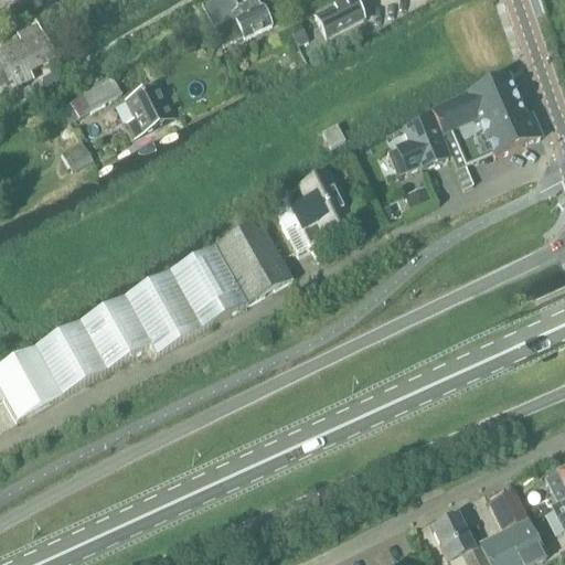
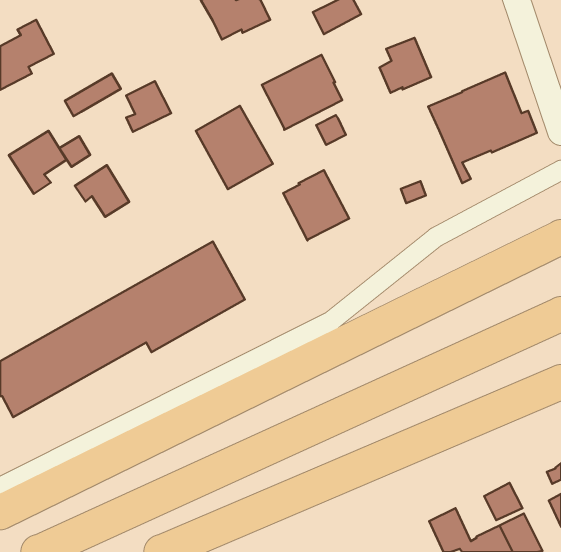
building: none -> [262,55,342,130]
building: [396,114,448,169] -> [379,38,431,93]
building: none -> [9,131,67,194]
building: none -> [75,165,129,217]
building: [214,217,291,301] -> [196,106,273,189]

